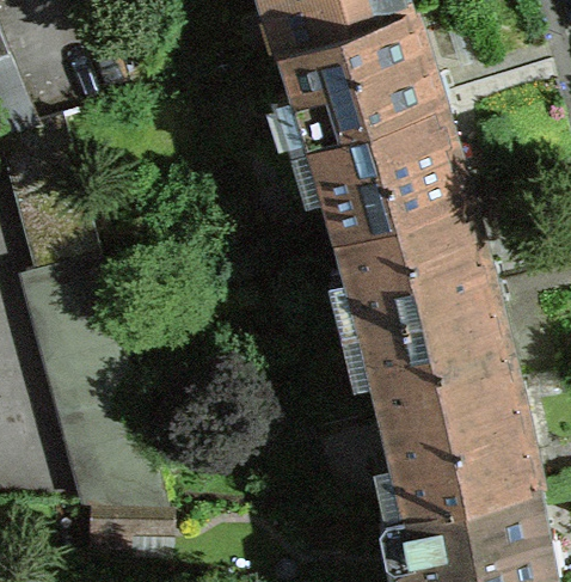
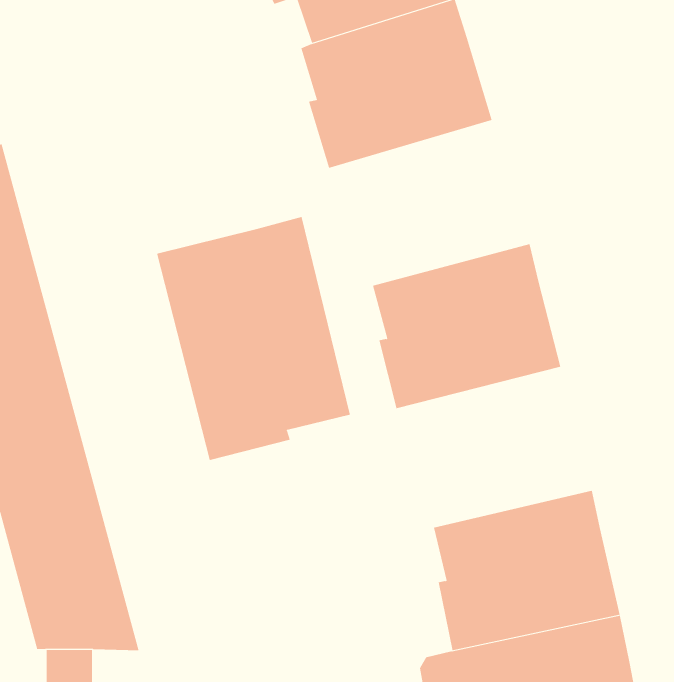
building: [305,99,459,226] -> none
building: none -> [157,216,350,461]
building: [356,288,506,411] -> none

